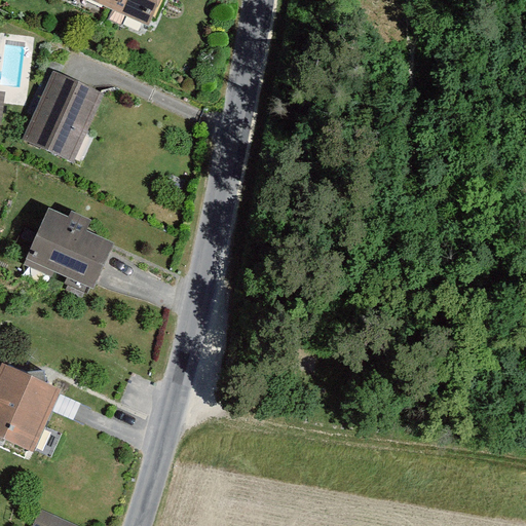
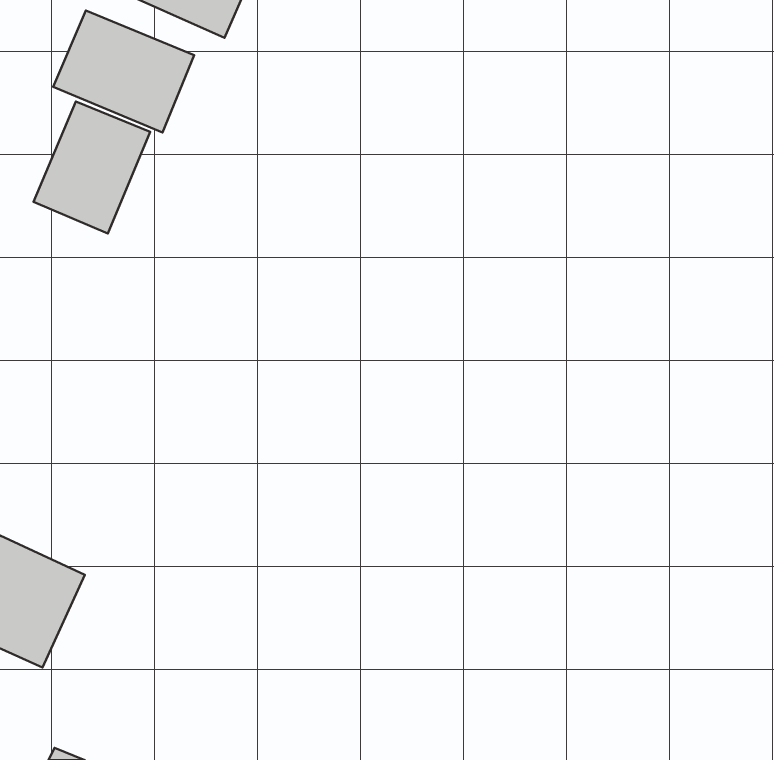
building: none -> [53,11,194,132]
building: [25,206,112,289] -> none

